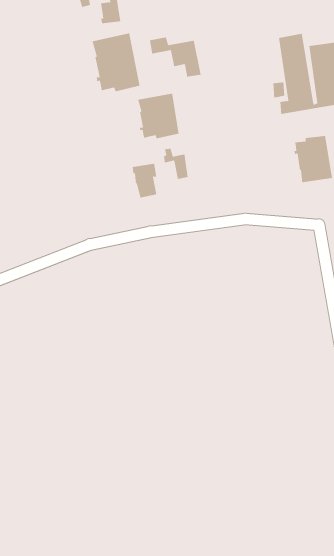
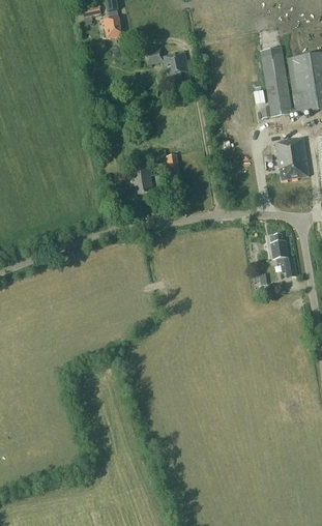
building: [92,33,140,92] -> none
building: [138,93,179,139] -> none
building: none -> [269,233,296,276]

